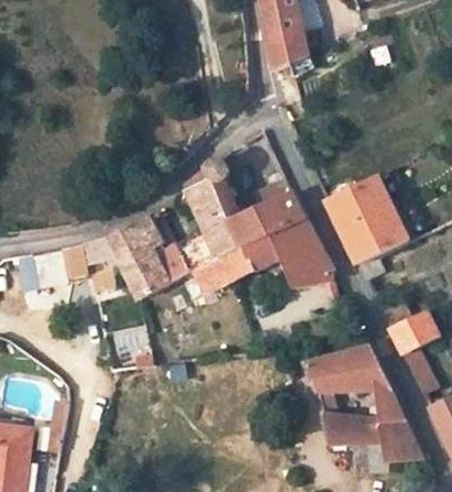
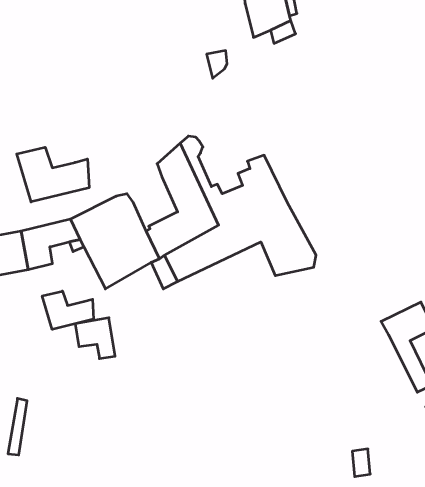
building: none -> [17,147,89,202]
building: [328,176,409,264] -> none
building: none -> [42,291,94,329]
building: [305,347,422,461] -> none

